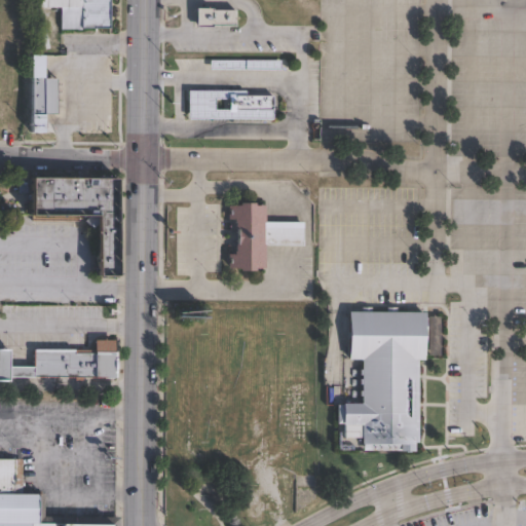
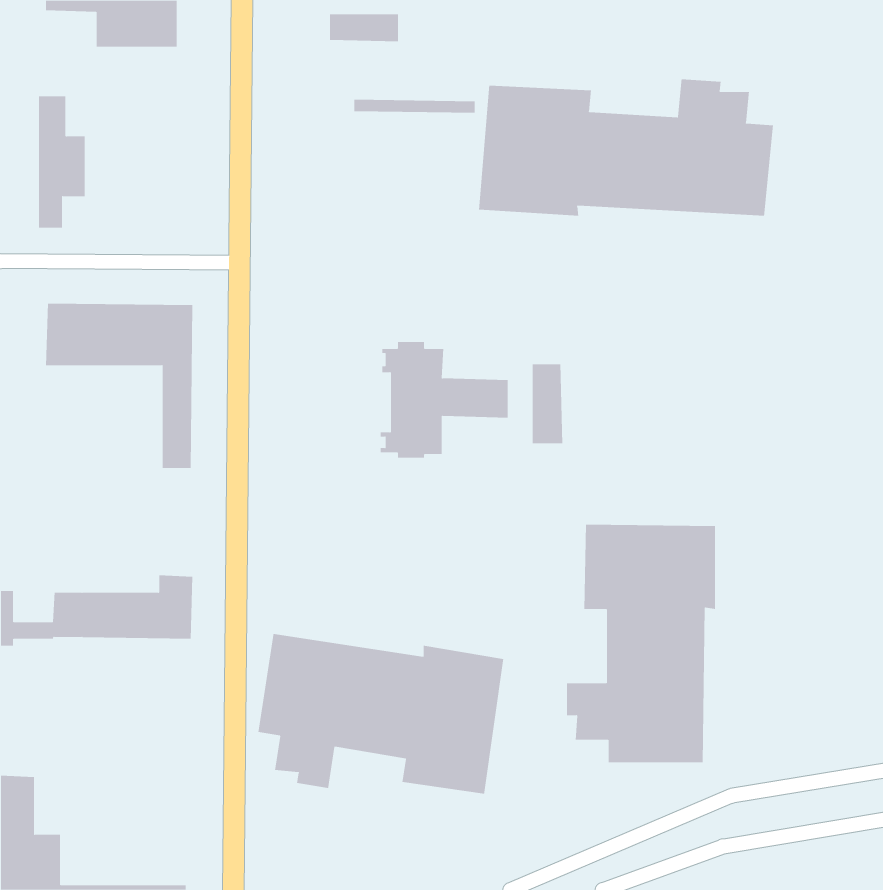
building: none -> [478,79,774,216]
building: [190,89,275,118] -> none
building: none -> [532,364,563,444]
building: none -> [258,633,504,794]

